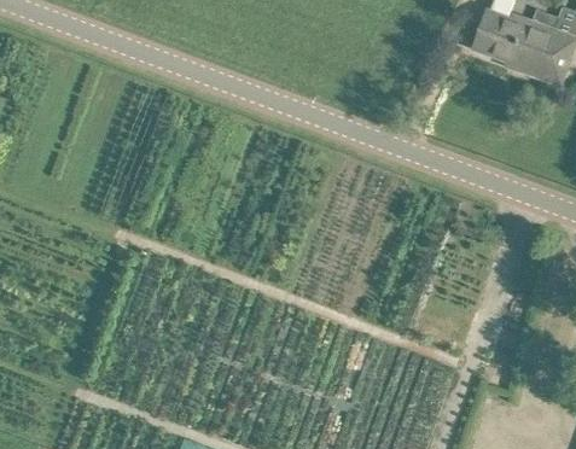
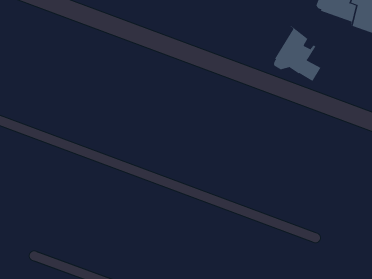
building: none -> [274,25,321,82]

